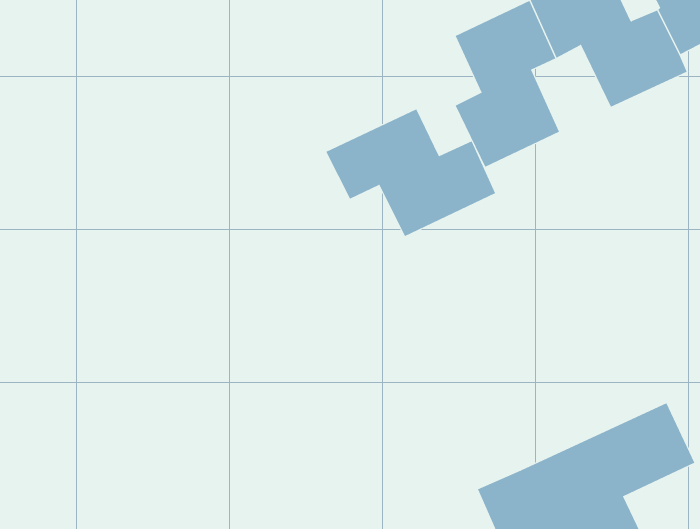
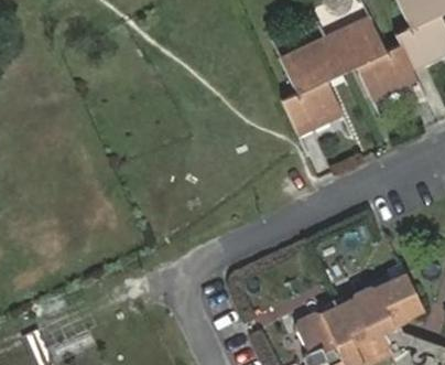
building: [325,108,496,237] -> none

